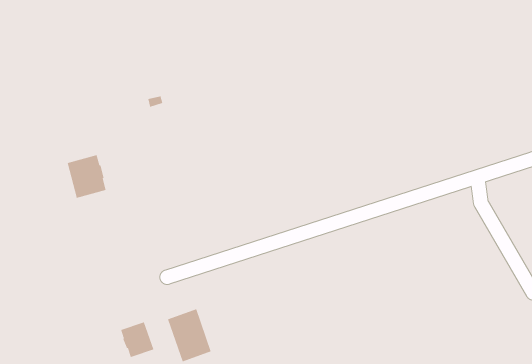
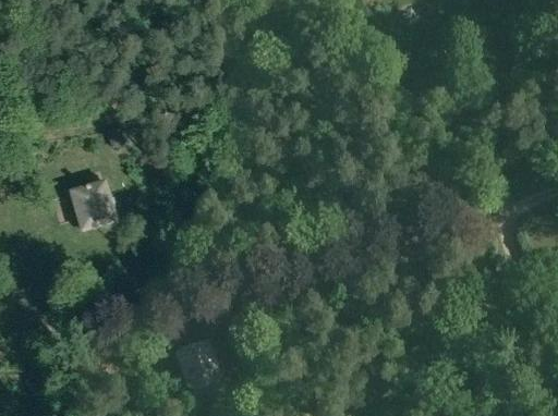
building: [121,322,154,358] -> none

